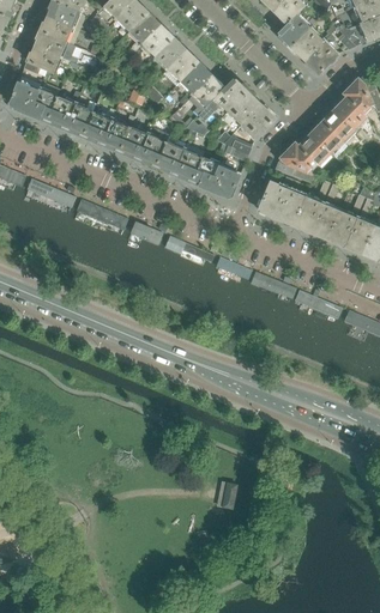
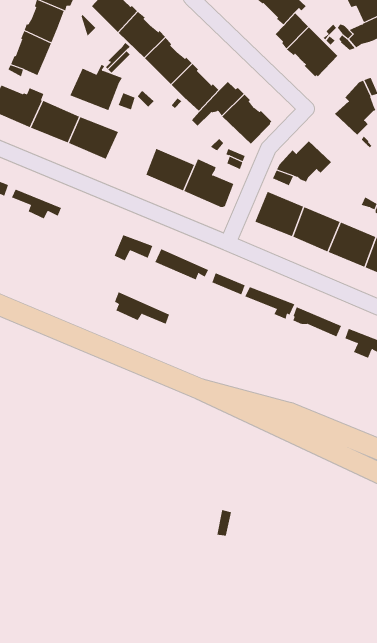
building: [309,109,355,154] -> none
building: [117,122,168,166] -> [70,64,123,111]
building: [76,199,128,230] -> [114,292,170,325]

